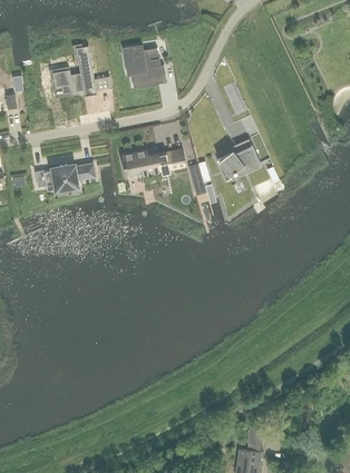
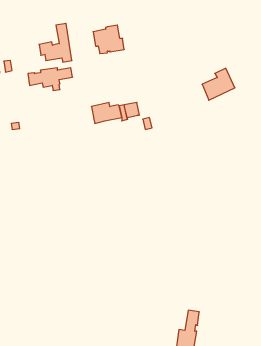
building: [216,138,260,180] -> [202,68,235,100]
building: [35,164,94,194] -> [28,68,73,90]

